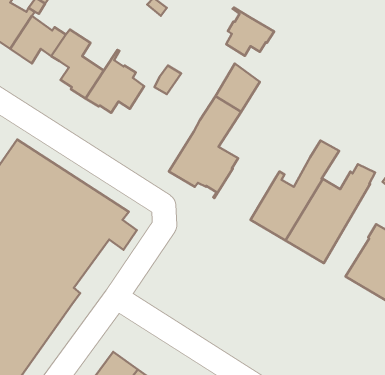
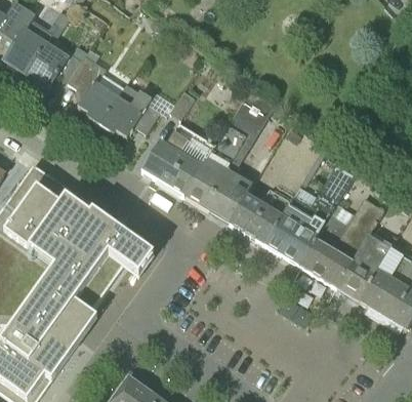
building: [226,7,274,56] -> none
building: none -> [141,124,215,197]
building: none -> [230,189,291,245]
building: none -> [338,209,390,302]

